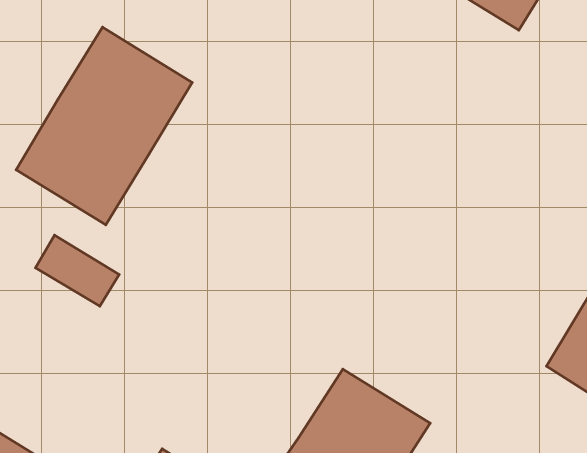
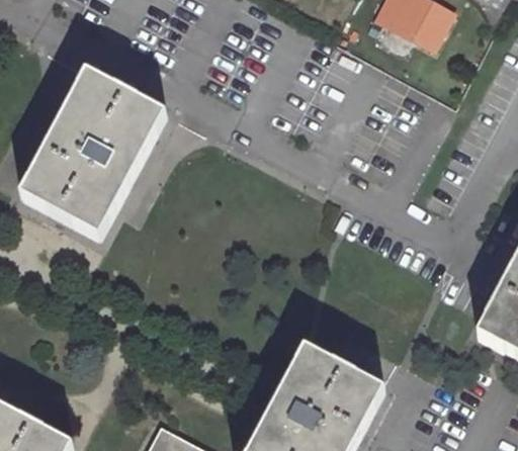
building: [36,235,119,306] -> none

